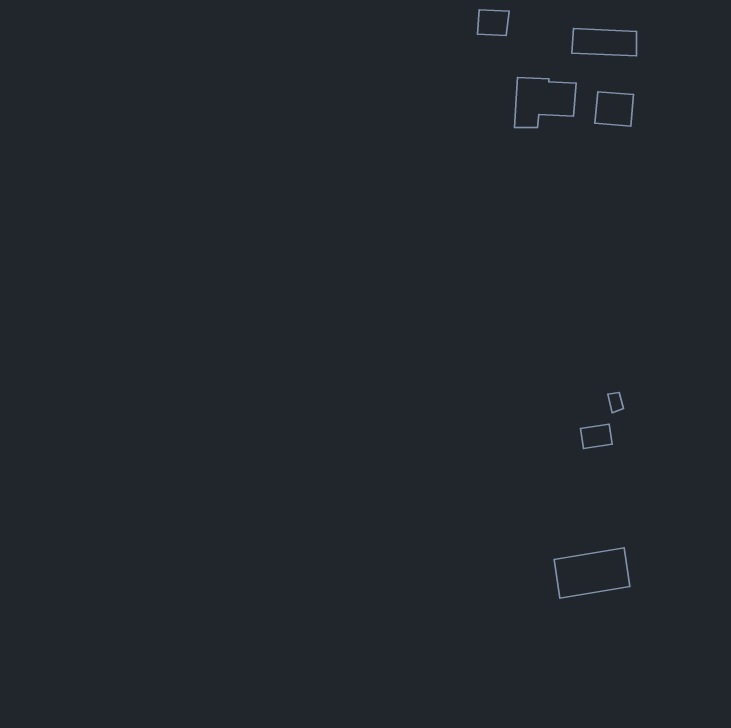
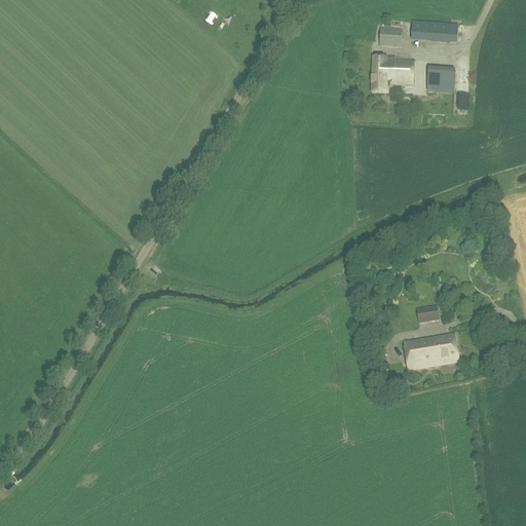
building: [478,10,509,35] -> [378,28,401,46]
building: [554,548,630,598] -> [403,333,457,369]

